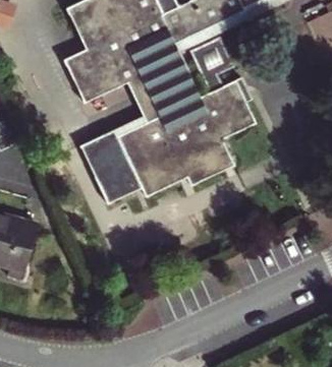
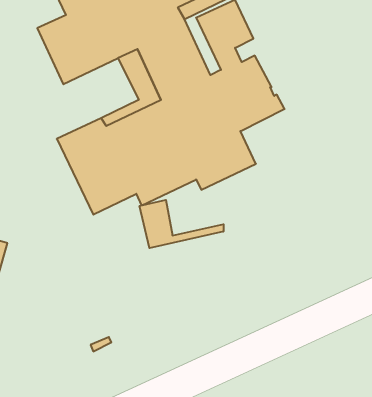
building: none -> [140,200,224,248]

